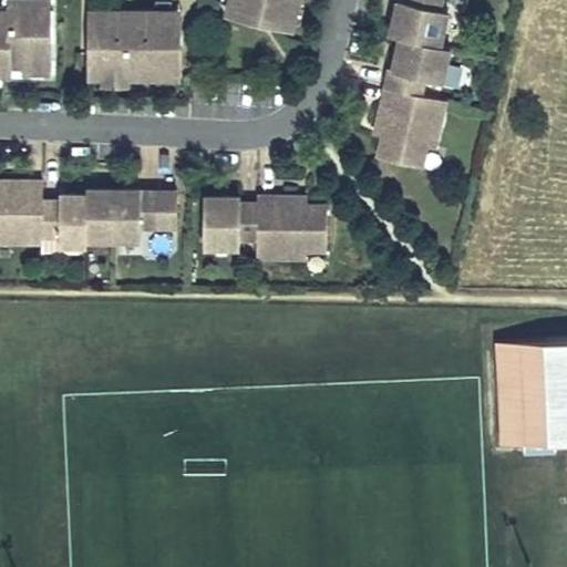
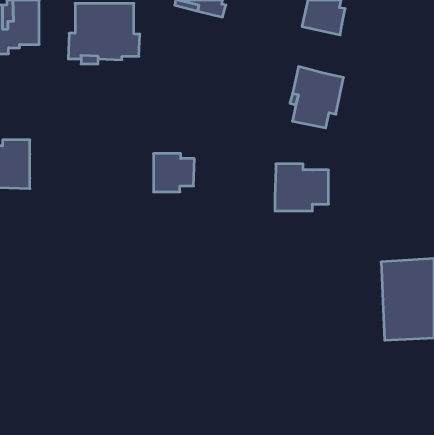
building: [388,38,452,96] -> none
building: [39,189,173,241] -> none
building: [251,200,321,261] -> [275,164,329,211]

